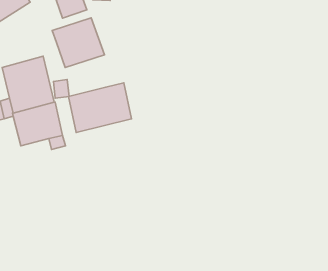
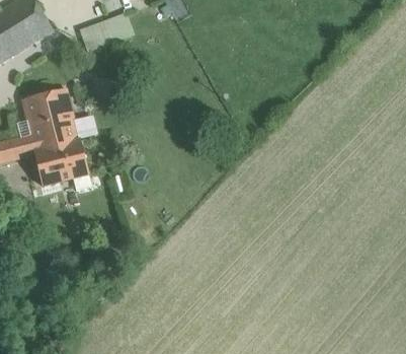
building: [52,18,104,68] -> none
building: [69,83,131,132] -> none

